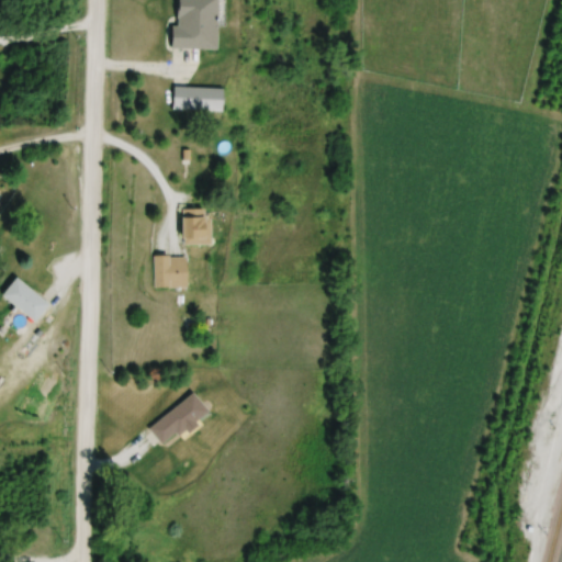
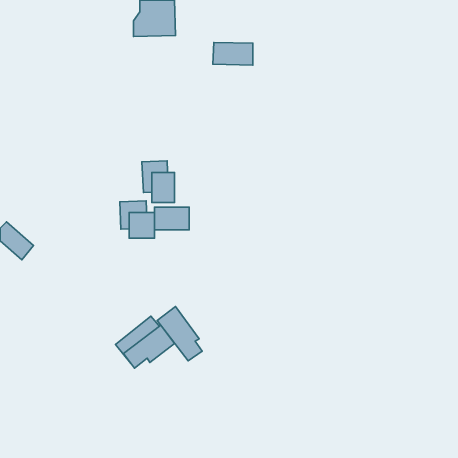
building: [173,83,222,111] -> [213,42,253,65]
building: none -> [154,207,189,230]
building: none -> [157,306,202,361]

